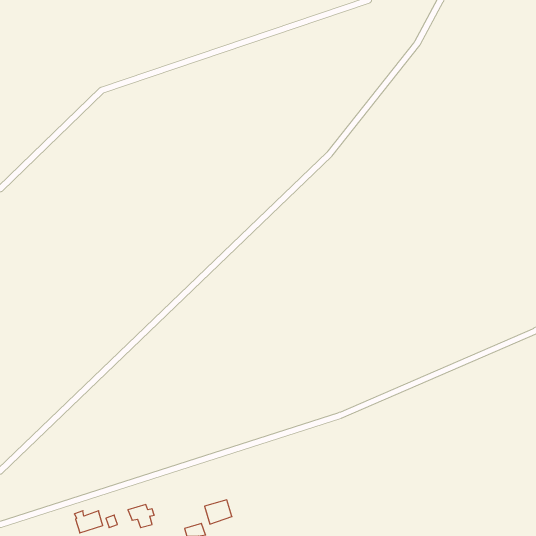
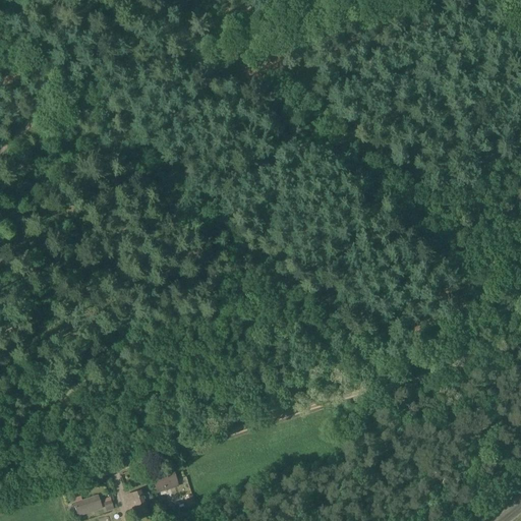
building: [205,500,232,524] -> [152,469,178,493]

